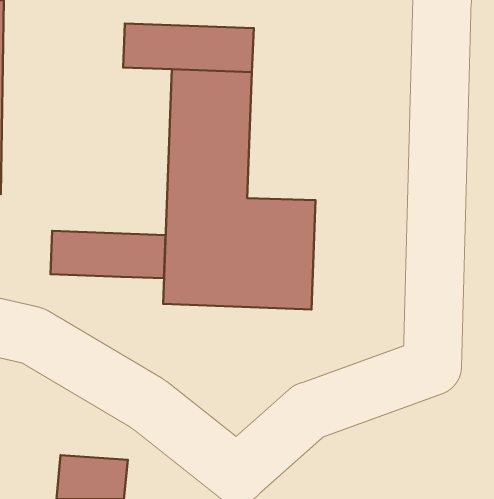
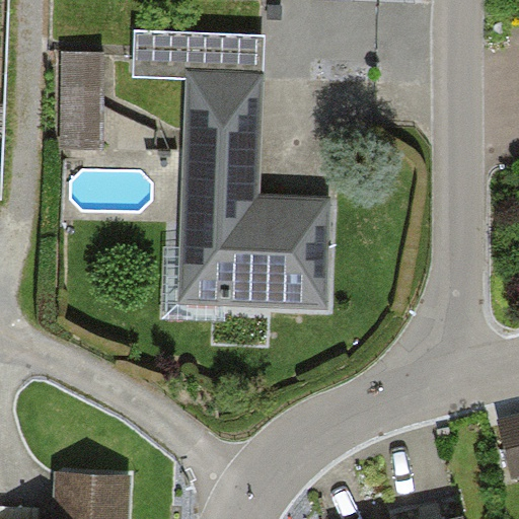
building: none -> [60,50,102,146]
building: [51,231,165,278] -> none

